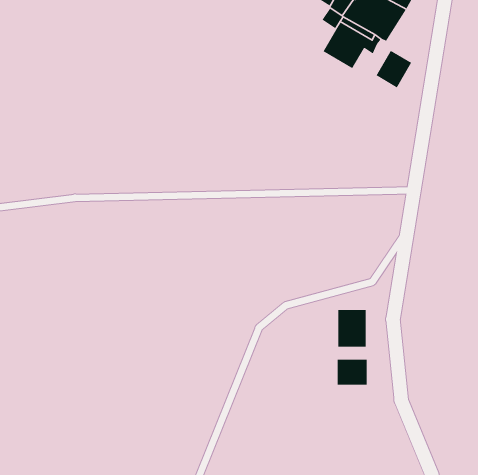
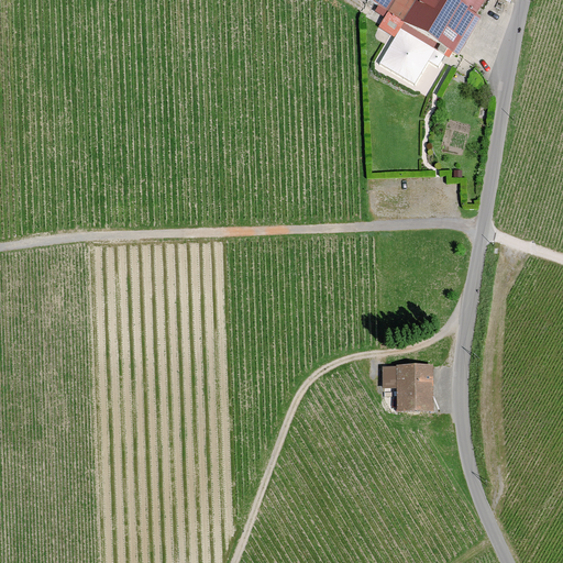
building: [375,50,412,88] -> none
building: [337,359,368,385] -> none

